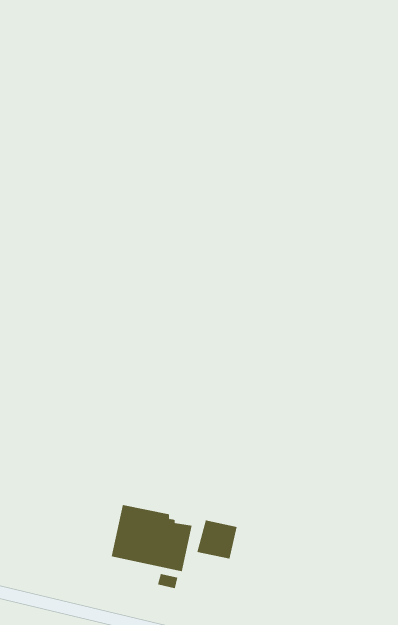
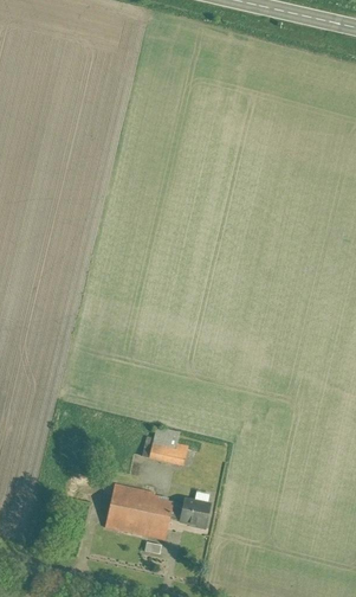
building: none -> [149,426,188,466]

